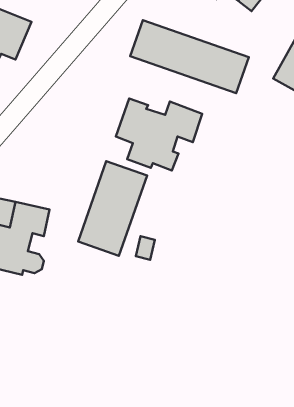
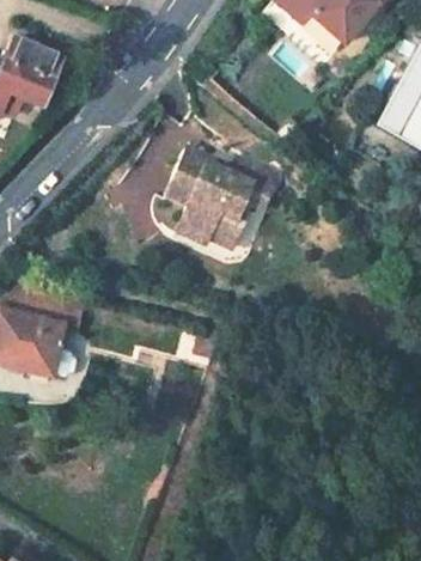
building: [130,20,249,93] -> none
building: [78,161,147,256] -> none

